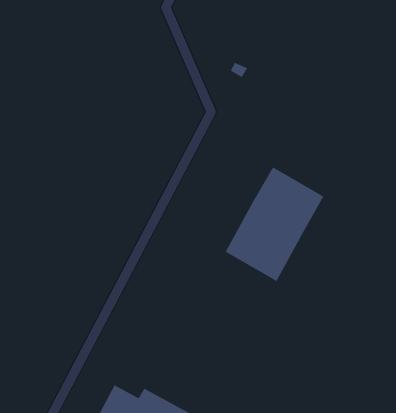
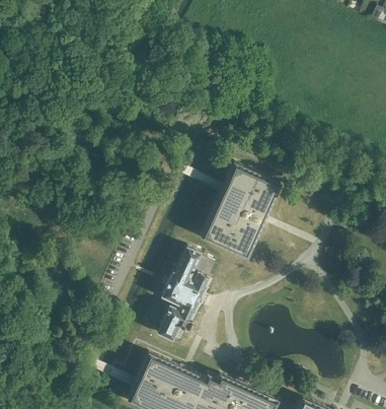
building: none -> [155,246,213,347]

